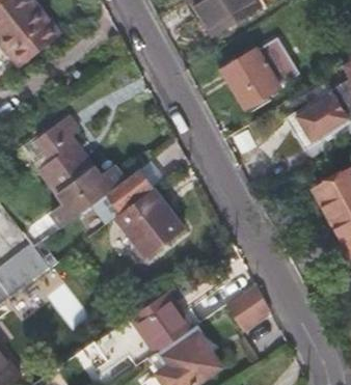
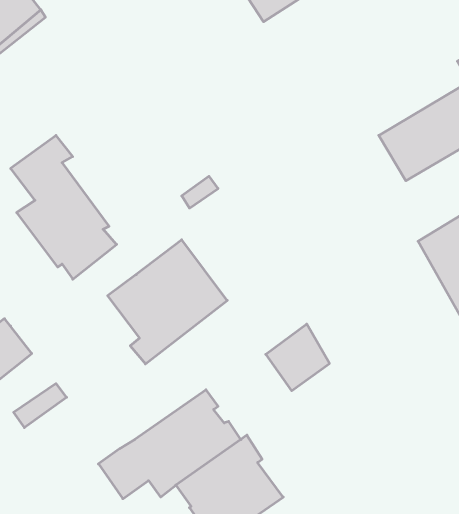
building: [222,37,299,106] -> none
building: [74,169,154,226] -> none
building: [226,282,270,328] -> [266,324,329,391]

